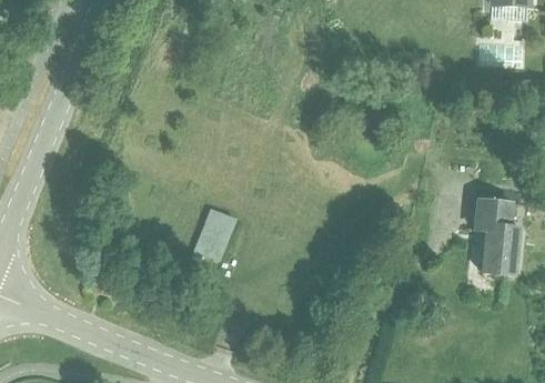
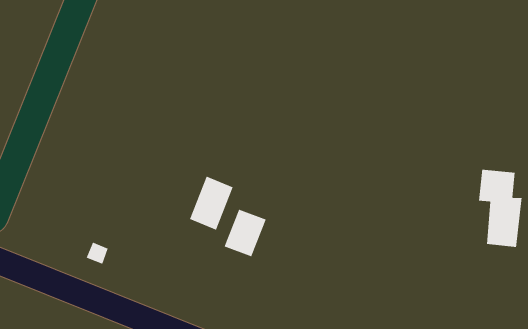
building: none -> [224,209,266,257]

